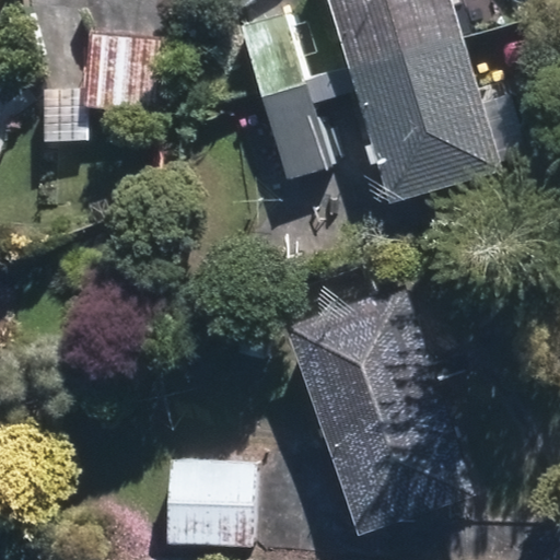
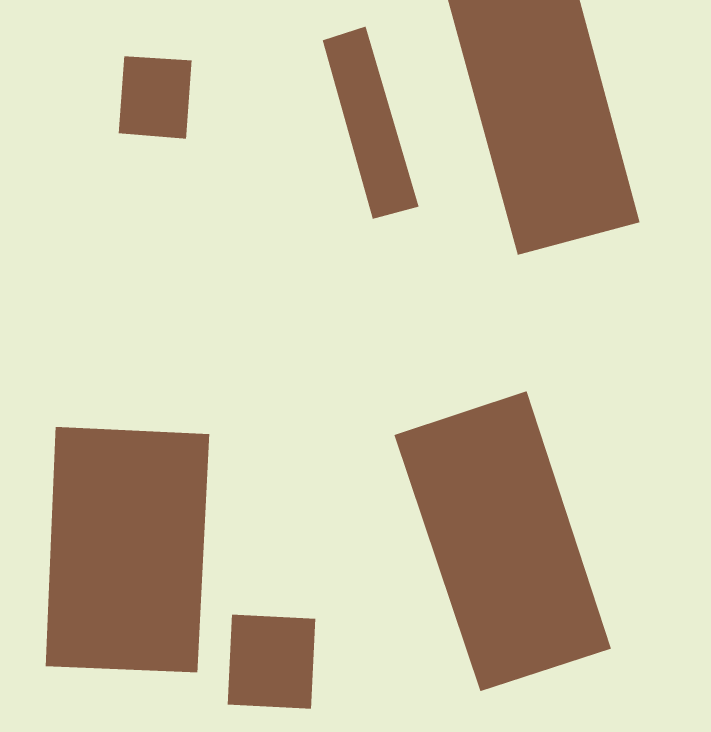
building: none -> [45,426,210,673]

